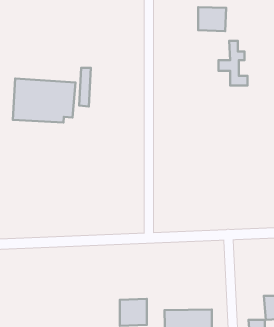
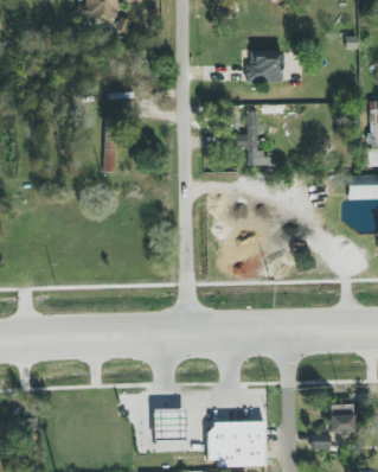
building: [218,41,247,85] -> [233,110,269,165]
building: [13,78,76,122] -> none

